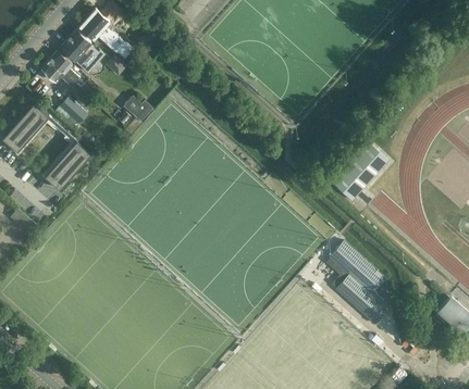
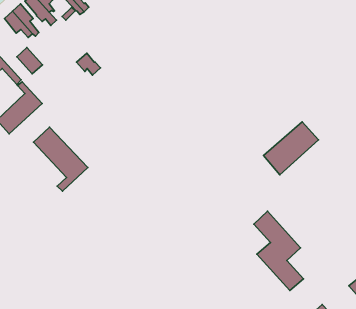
building: none -> [33,127,88,191]

